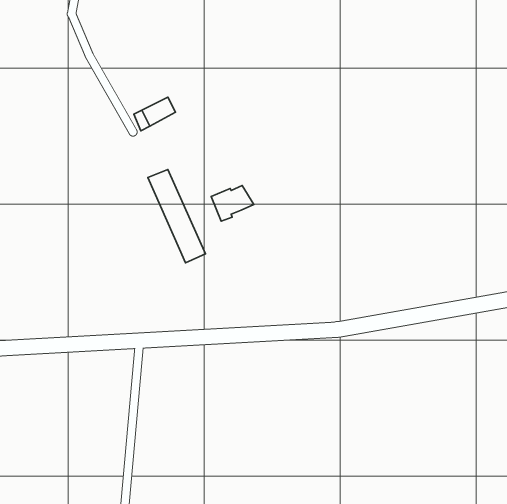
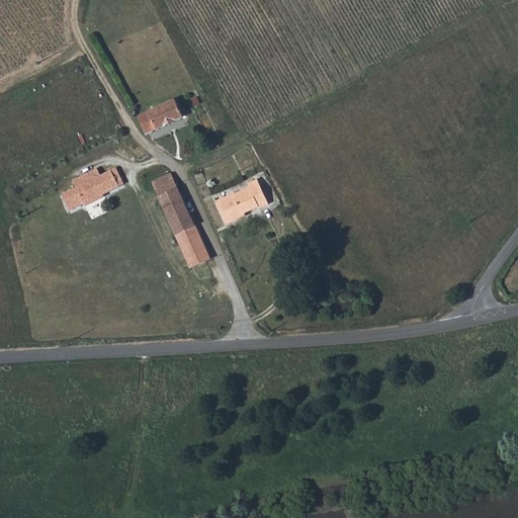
building: none -> [59,165,121,208]
building: none -> [247,179,270,211]

